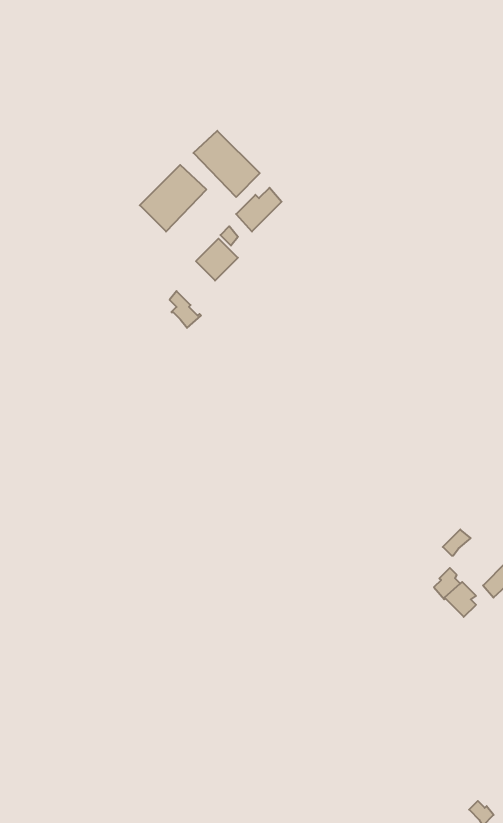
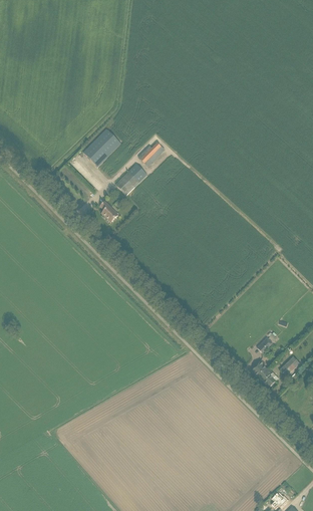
building: [193,131,260,197] -> none

